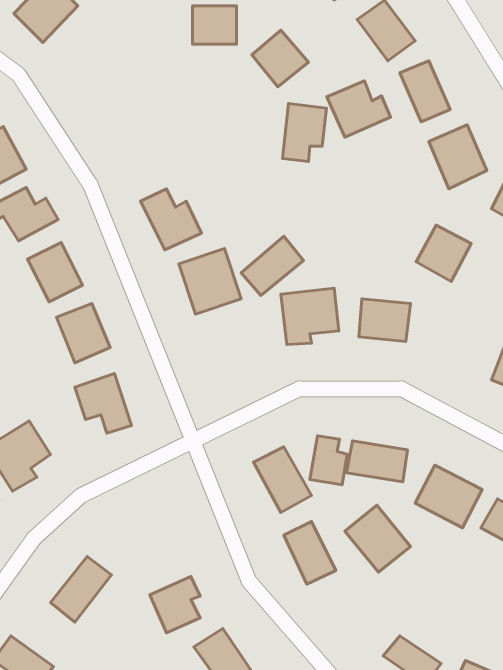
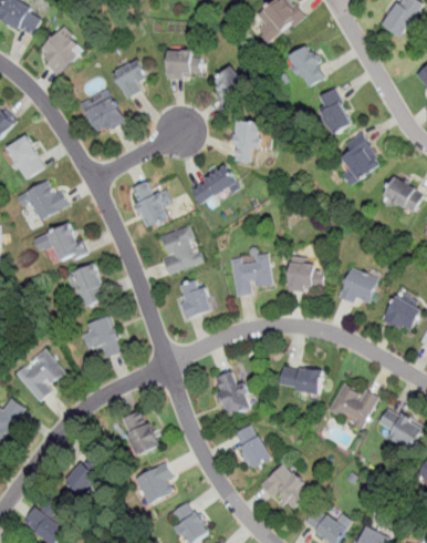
building: none -> [112,59,147,99]
building: none -> [80,90,123,134]
building: [327,81,391,137] -> none
building: [416,225,471,282] -> [337,266,377,307]
building: [241,236,304,296] -> [191,164,237,207]
building: none -> [174,277,212,318]
building: [310,436,347,485] -> none
building: none -> [121,410,159,455]
building: [345,505,410,572] -> [262,463,310,512]

